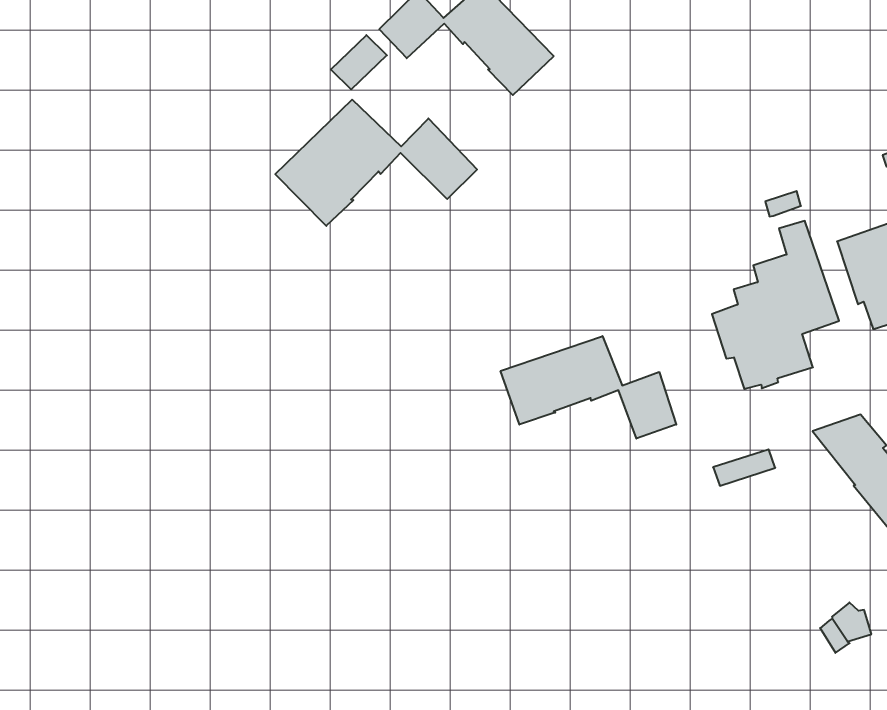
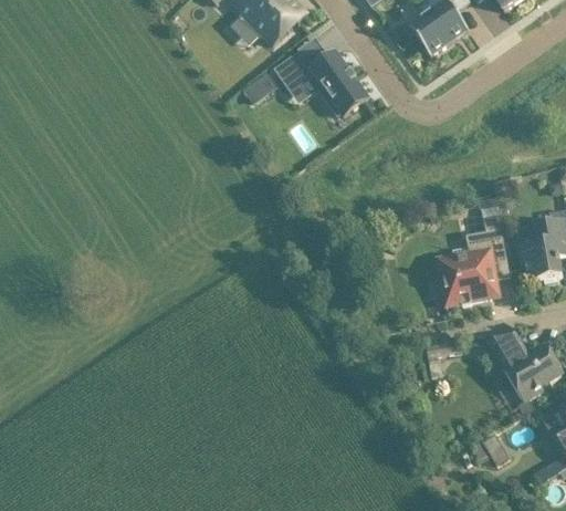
building: [275,100,477,226] -> none
building: [501,336,676,439] -> none

